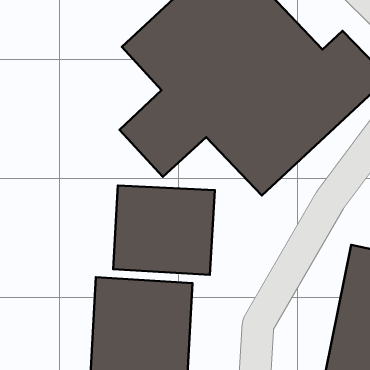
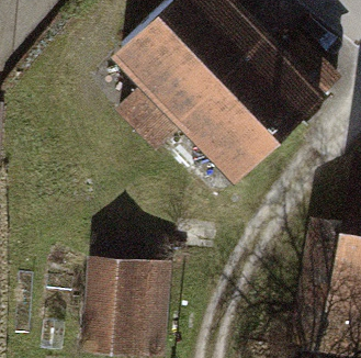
building: [113,185,215,275] -> none

